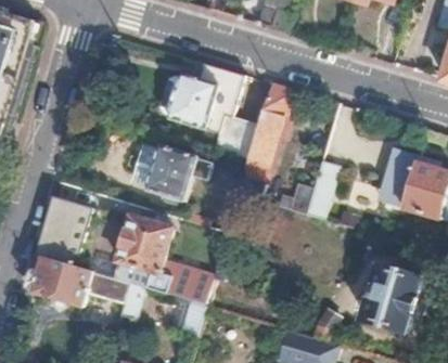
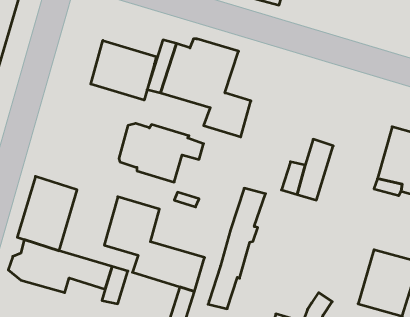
building: none -> [91,40,156,100]
building: [235,82,291,198] -> [208,188,266,309]

